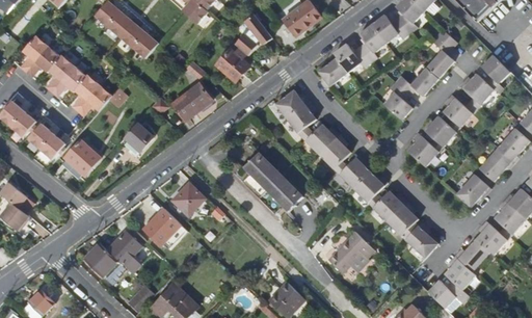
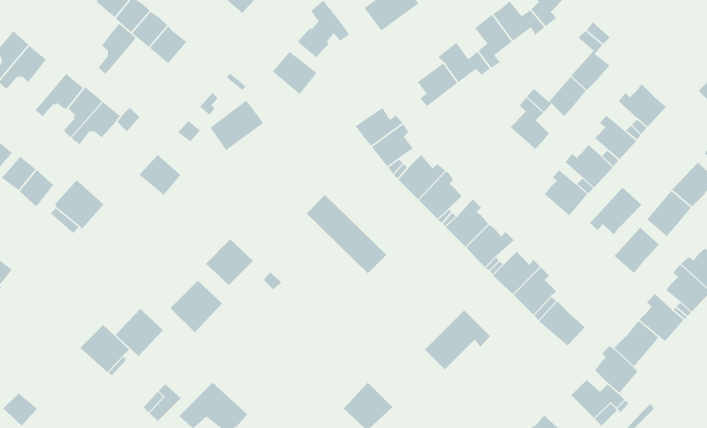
building: [45,54,73,90] -> [97,23,137,75]
building: [482,54,510,91] -> none
building: none -> [589,187,642,235]

